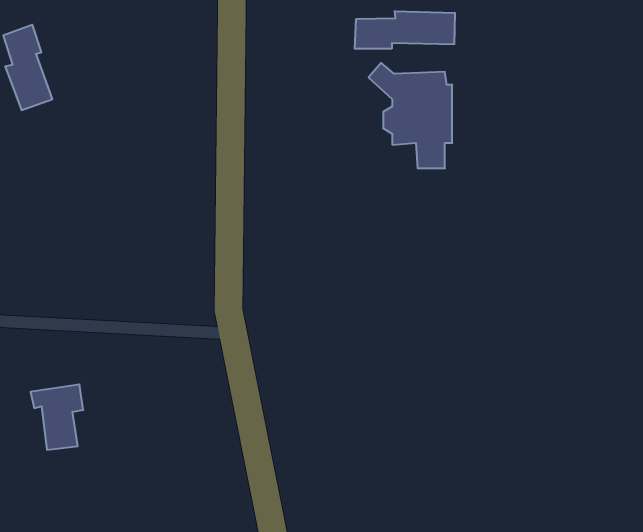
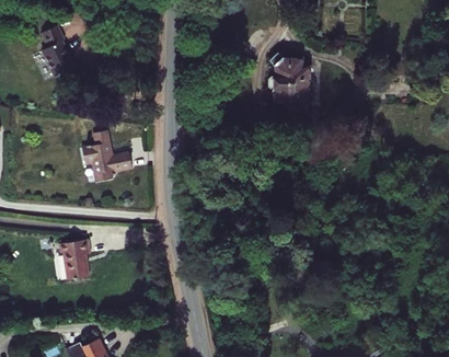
building: [355,11,455,49] -> none
building: none -> [81,130,131,183]

